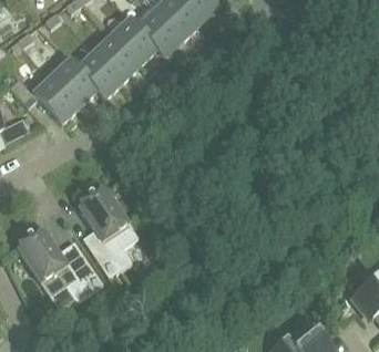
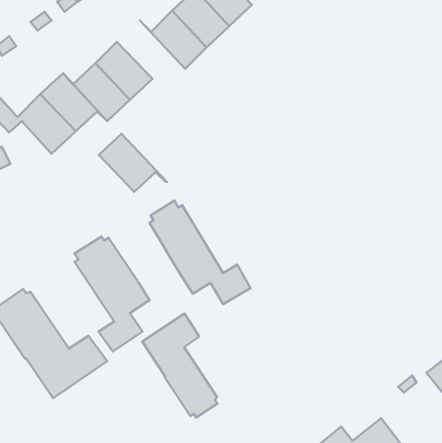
building: [112,17,165,62] -> [99,134,167,192]
building: none -> [150,201,250,304]
building: none -> [142,313,217,418]

